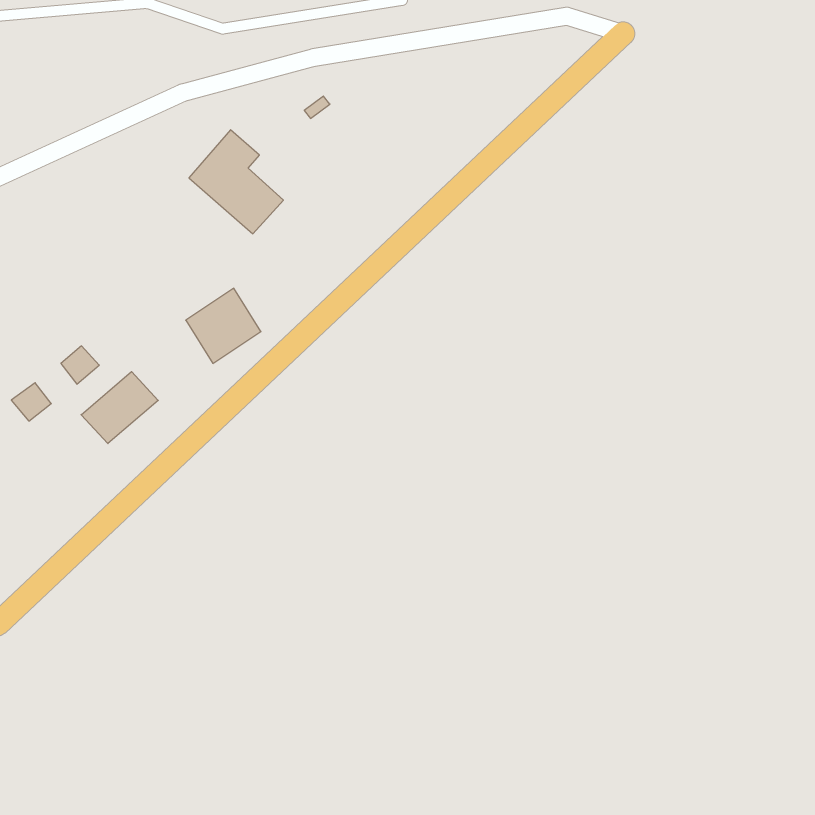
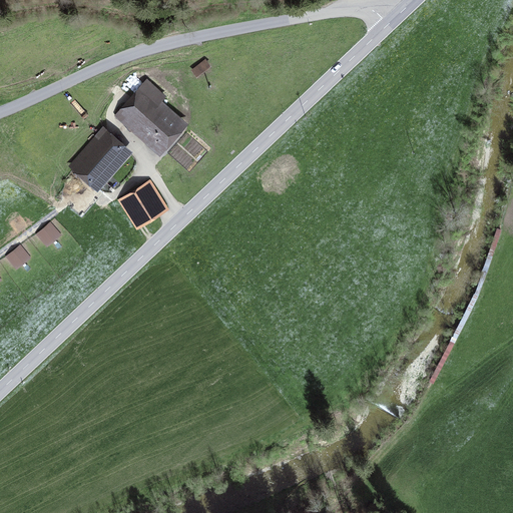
building: none -> [72,133,130,192]
building: [81,372,158,444] -> none

